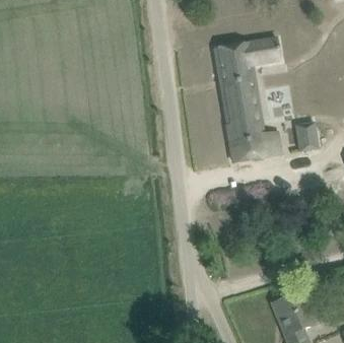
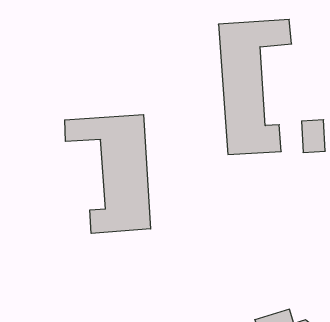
building: none -> [65,115,151,233]

